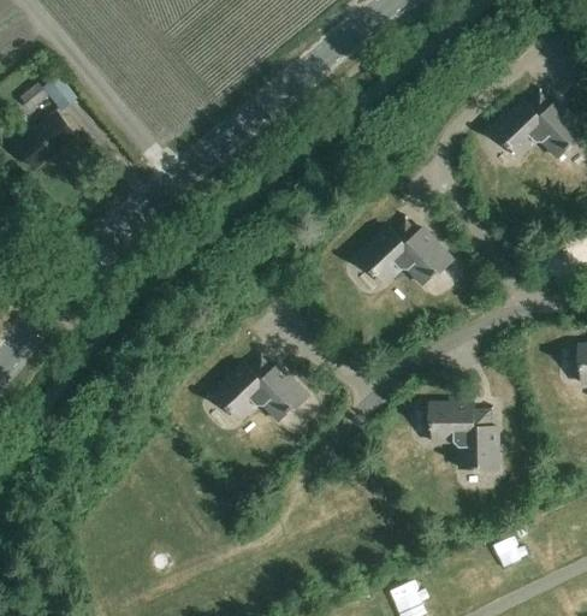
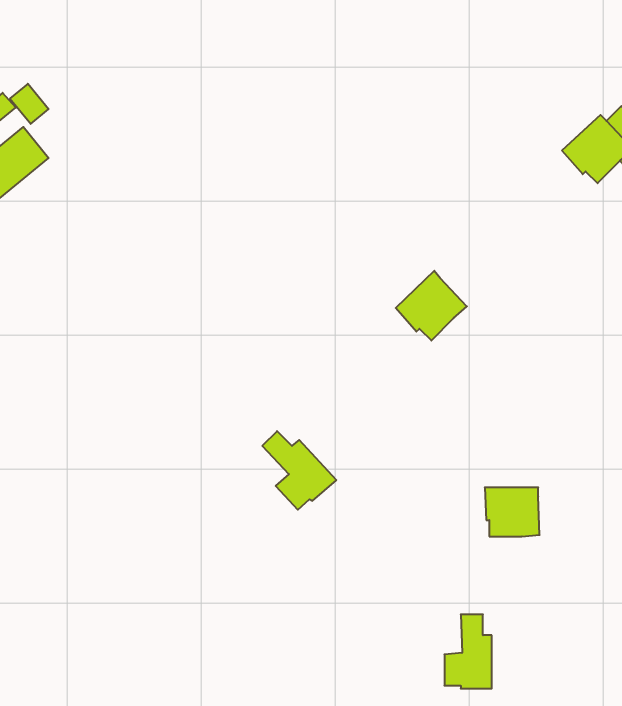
building: [393,220,452,284] -> none
building: [213,363,271,419] -> none
building: [459,409,498,469] -> [444,614,492,689]

